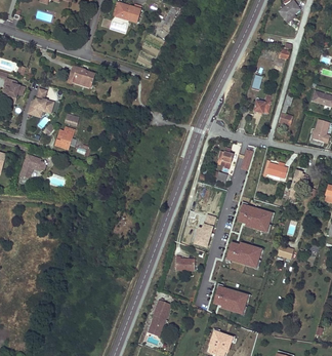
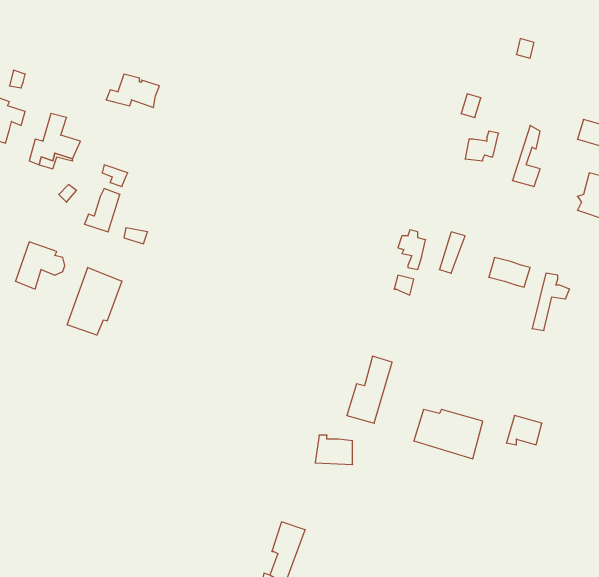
building: none -> [67,267,122,335]
building: [238,203,273,231] -> none
building: [213,284,248,313] -> none

